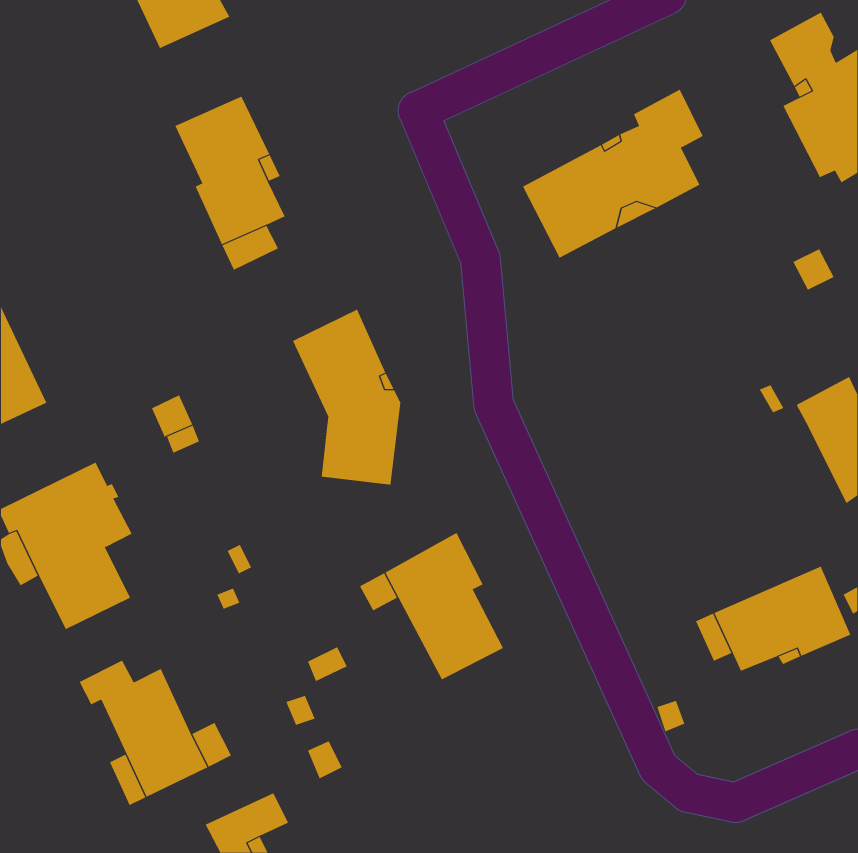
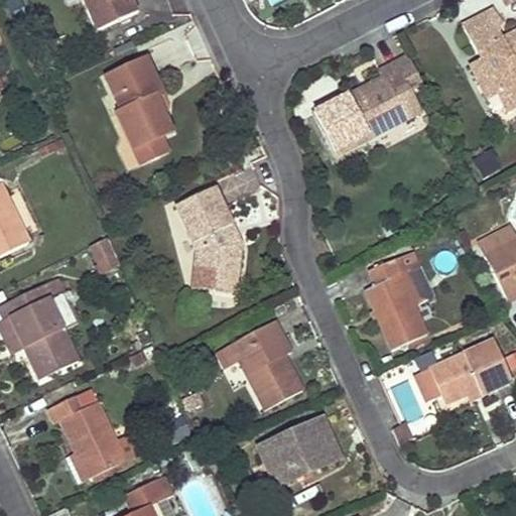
building: none -> [365,249,433,349]
building: none -> [259,417,339,486]

